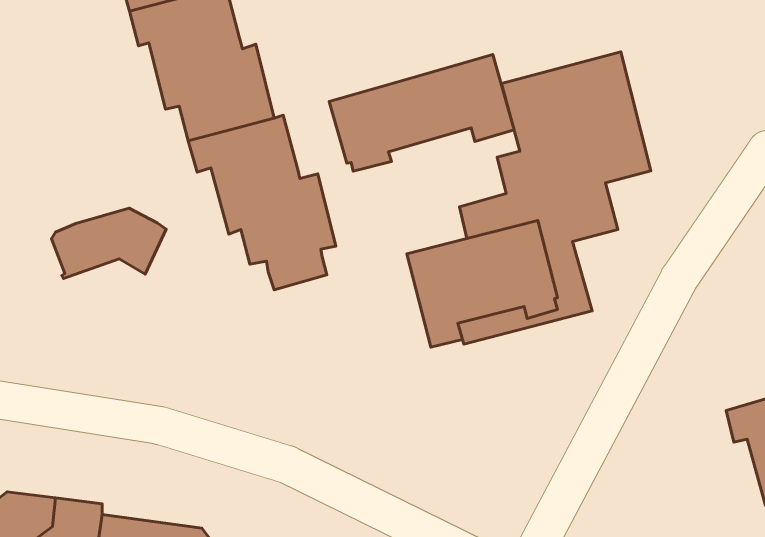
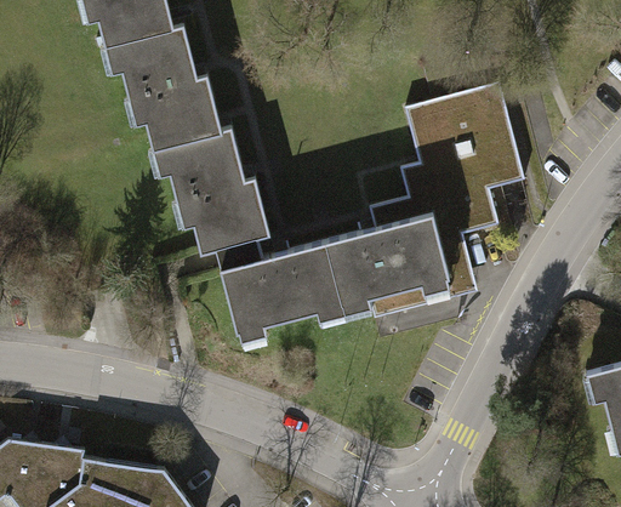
building: [329,54,514,171] -> none
building: [51,208,166,279] -> none
building: none -> [221,245,347,353]

